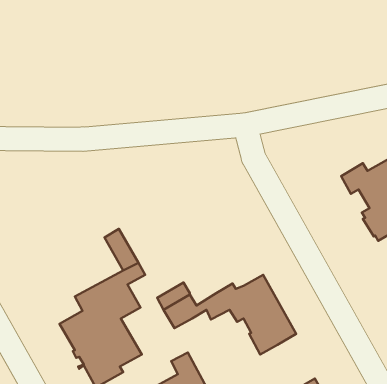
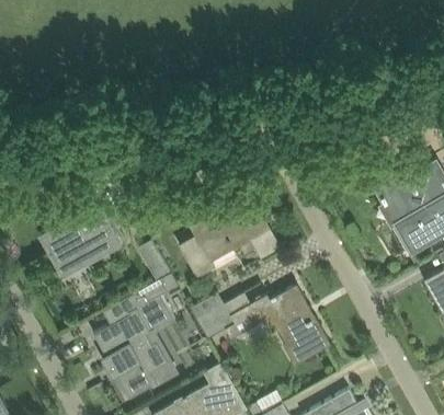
building: none -> [38,196,121,270]
building: none -> [184,197,281,279]

